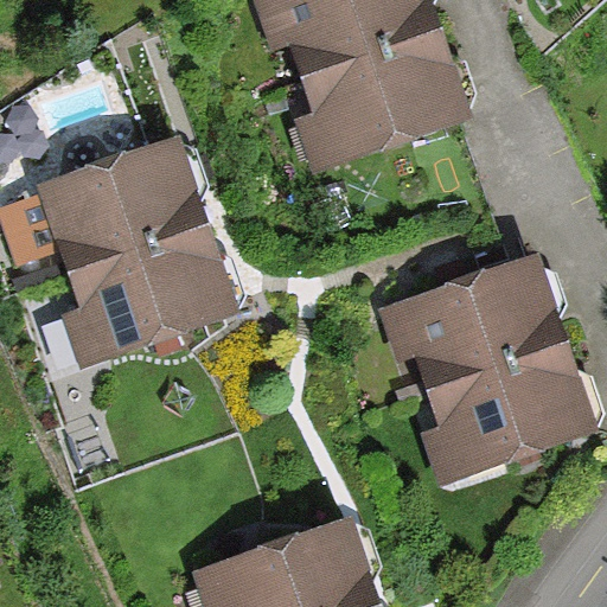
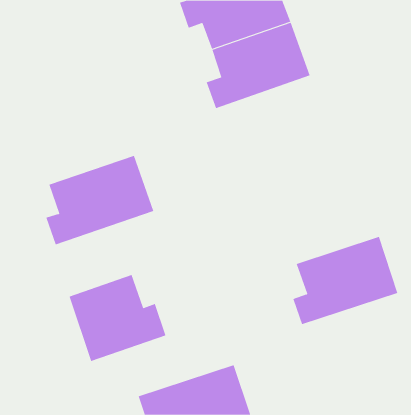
building: [23,146,197,269] -> none
building: [385,266,555,385] -> none
building: none -> [69,274,166,362]

